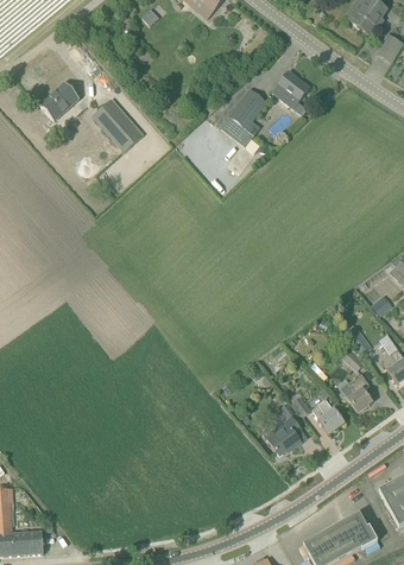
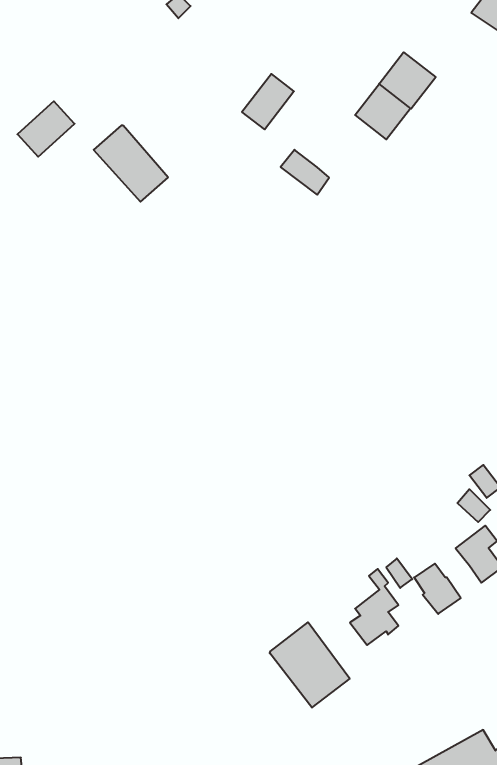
building: none -> [379,52,436,109]
building: [229,88,265,126] -> [242,74,294,129]
building: none -> [270,622,350,708]

